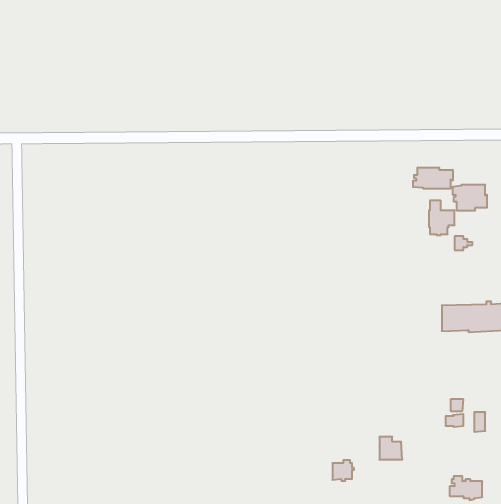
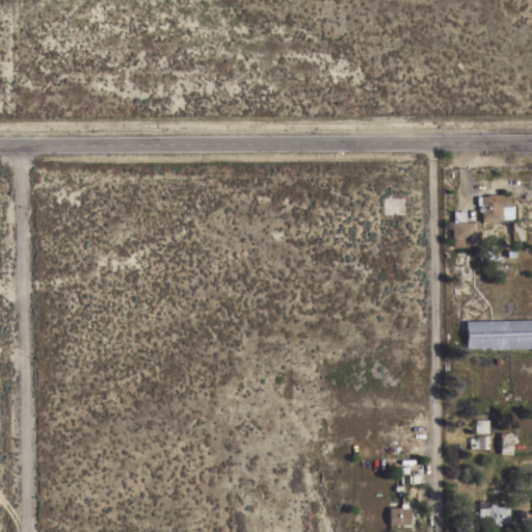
building: [413,167,453,189] -> none
building: [332,460,354,481] -> [392,505,415,527]

